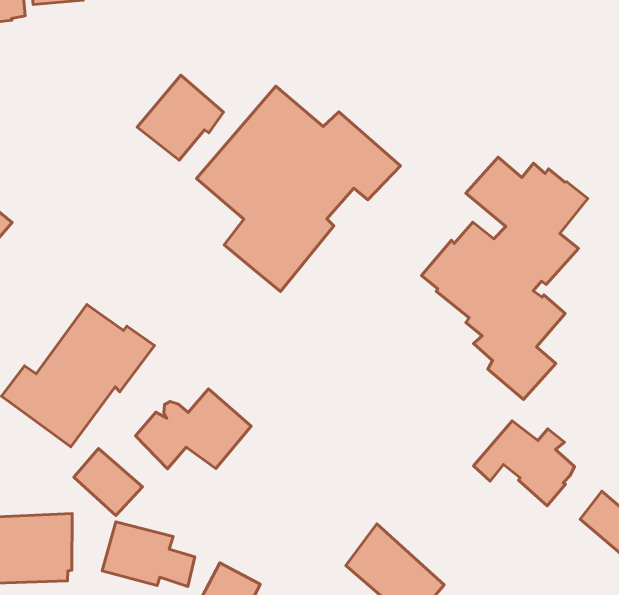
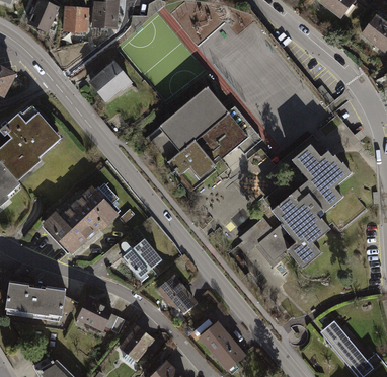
building: [137,75,224,160] -> [86,61,131,103]
building: [473,421,575,506] -> [239,218,290,263]
building: [74,448,142,516] -> none
building: none -> [156,273,197,312]

